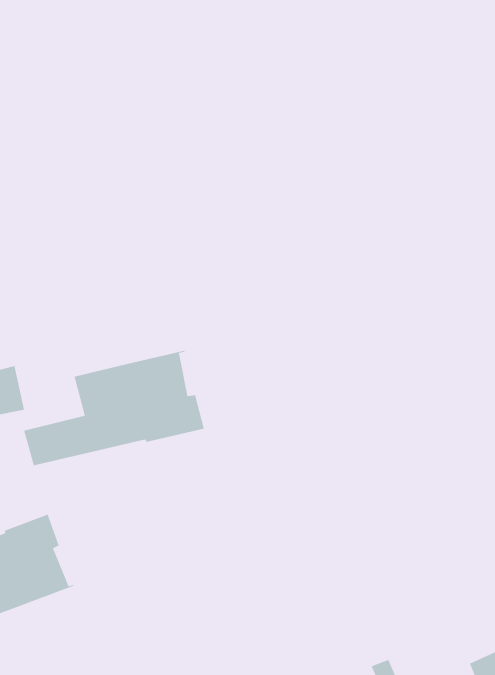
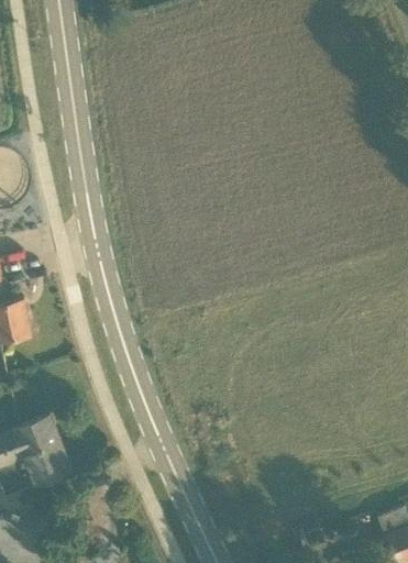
building: [24,350,204,466] -> none

